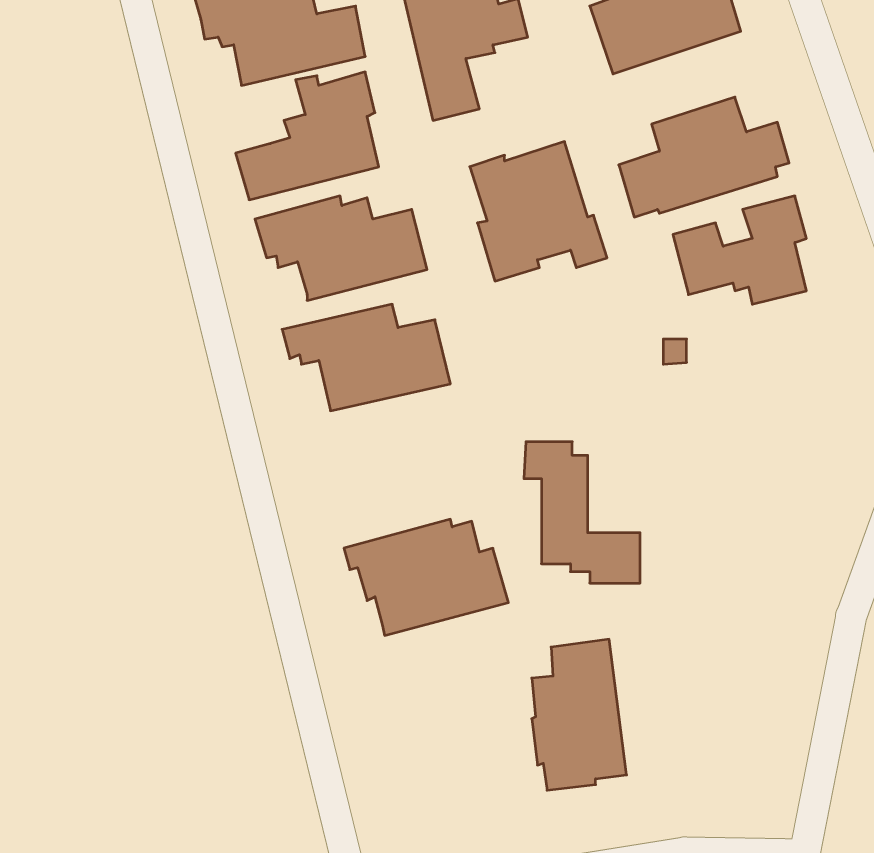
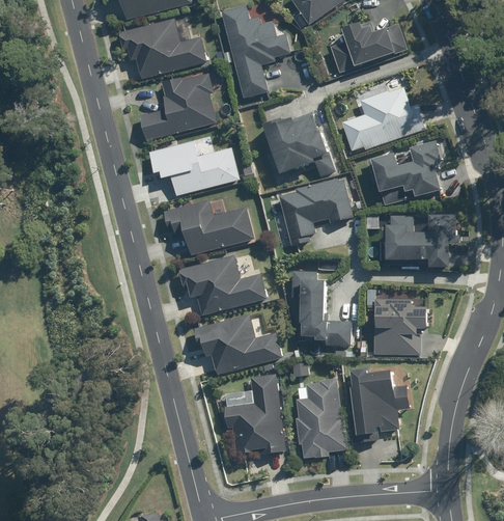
building: none -> [267,177,353,246]
building: none -> [377,211,466,266]
building: none -> [176,253,264,317]
building: none -> [373,292,424,356]
building: none -> [352,368,408,440]
building: none -> [223,373,285,453]

